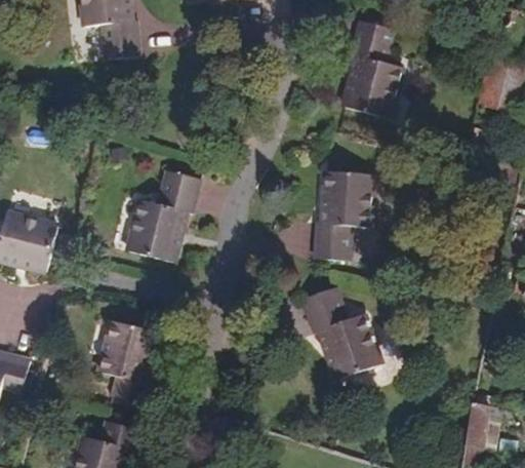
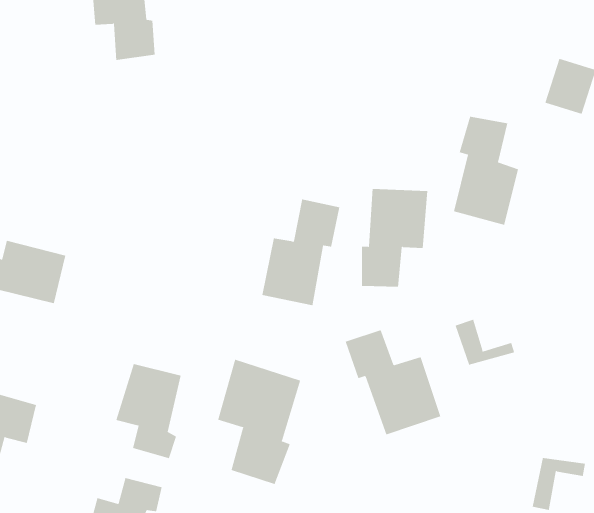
building: [342,23,400,118] -> [453,116,519,225]
building: [127,167,196,261] -> [261,199,340,306]
building: none -> [455,319,515,366]
building: none -> [218,359,301,485]

